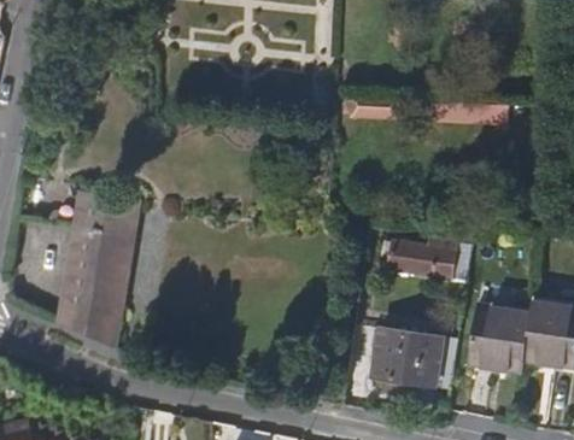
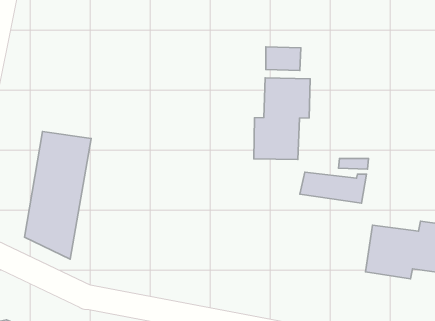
building: none -> [254,78,310,160]
building: [370,329,439,386] -> none

